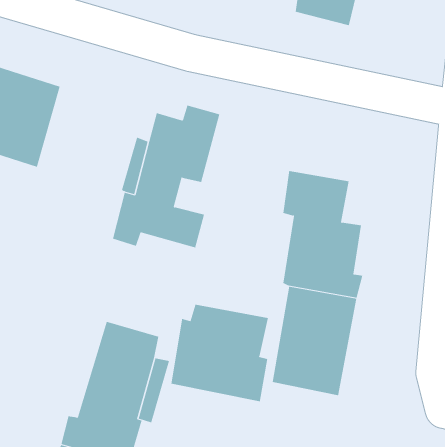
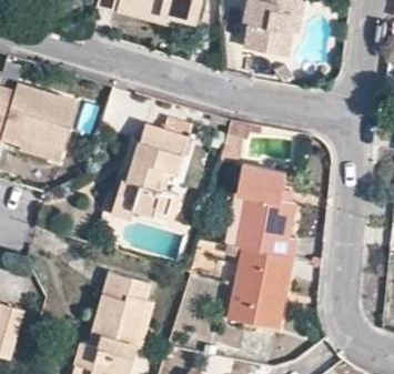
building: [171,304,268,402] -> none

